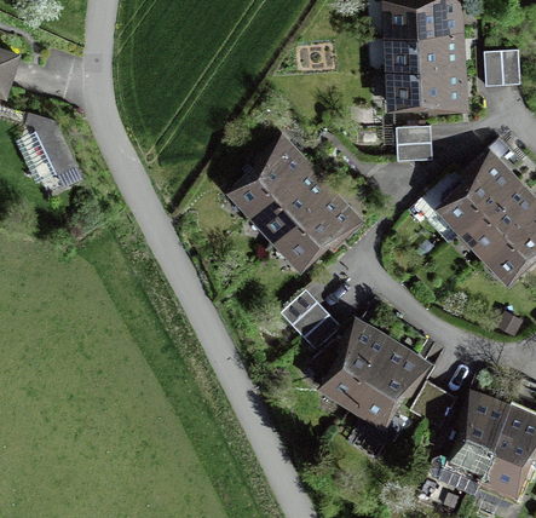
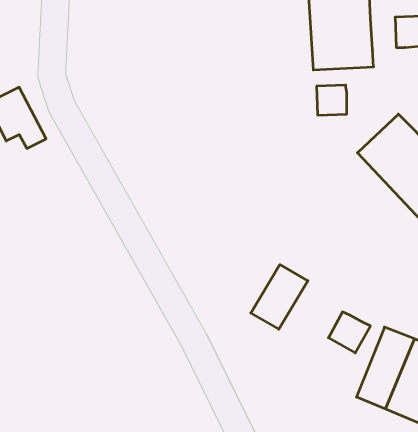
building: [232,140,351,264] -> none
building: [281,288,340,347] -> none
building: [353,345,420,441] -> none

